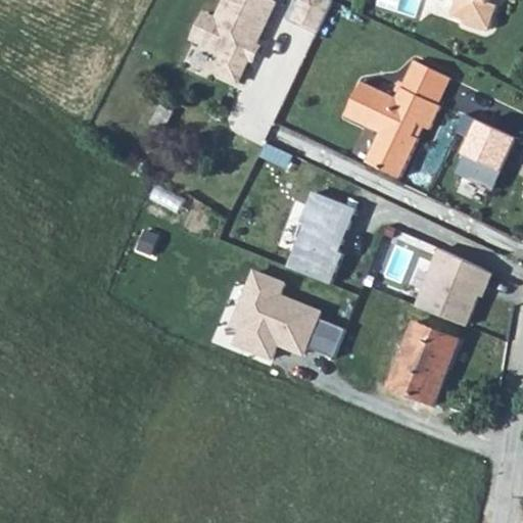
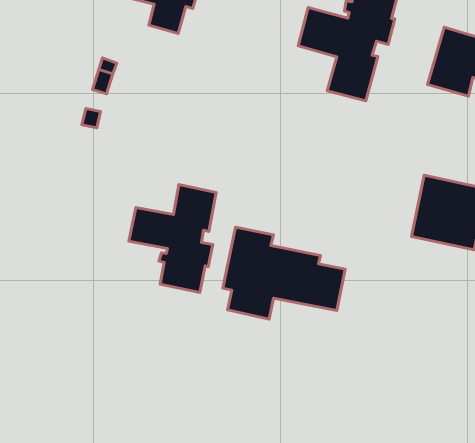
building: [294,190,353,275] -> none
building: none -> [129,185,216,292]
building: [383,320,455,401] -> none

